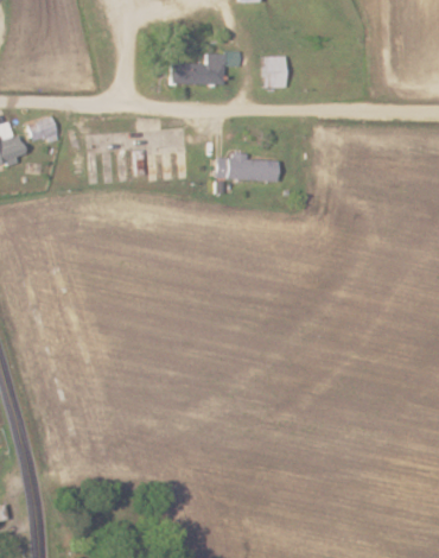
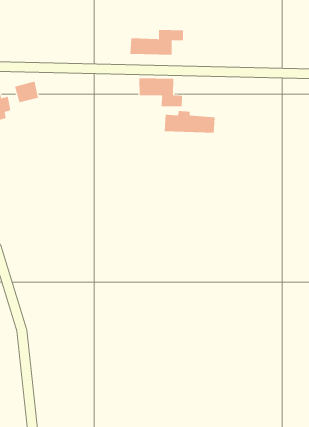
building: [265,55,287,87] -> none
building: none -> [139,78,183,107]

